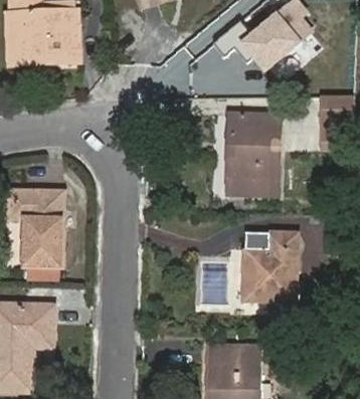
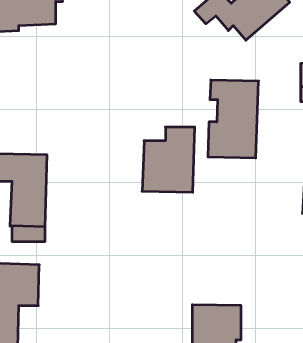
building: [243,232,298,300] -> [142,127,195,192]

